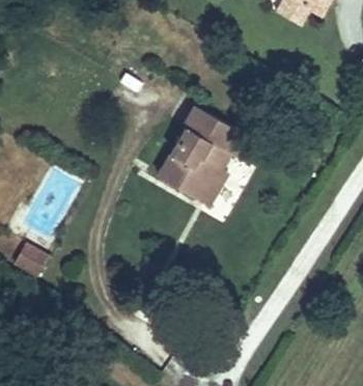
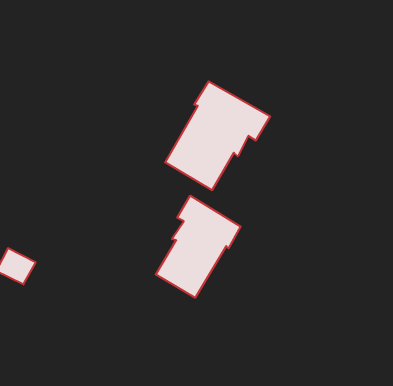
building: none -> [156,196,241,298]

